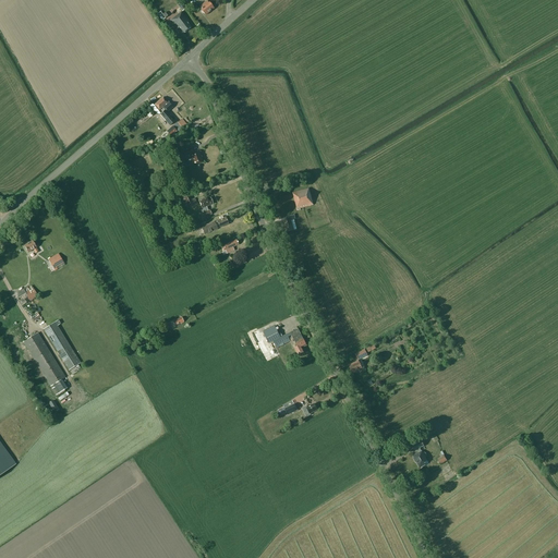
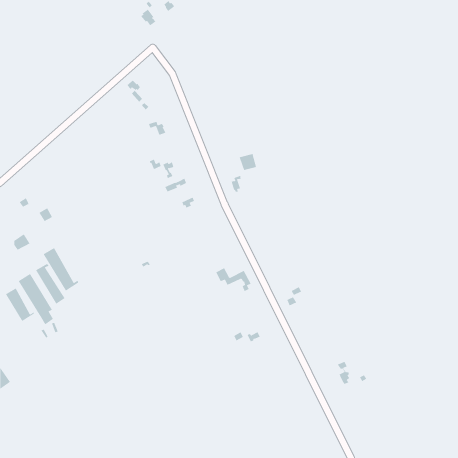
building: none -> [43,247,79,292]
building: none -> [5,288,35,322]

